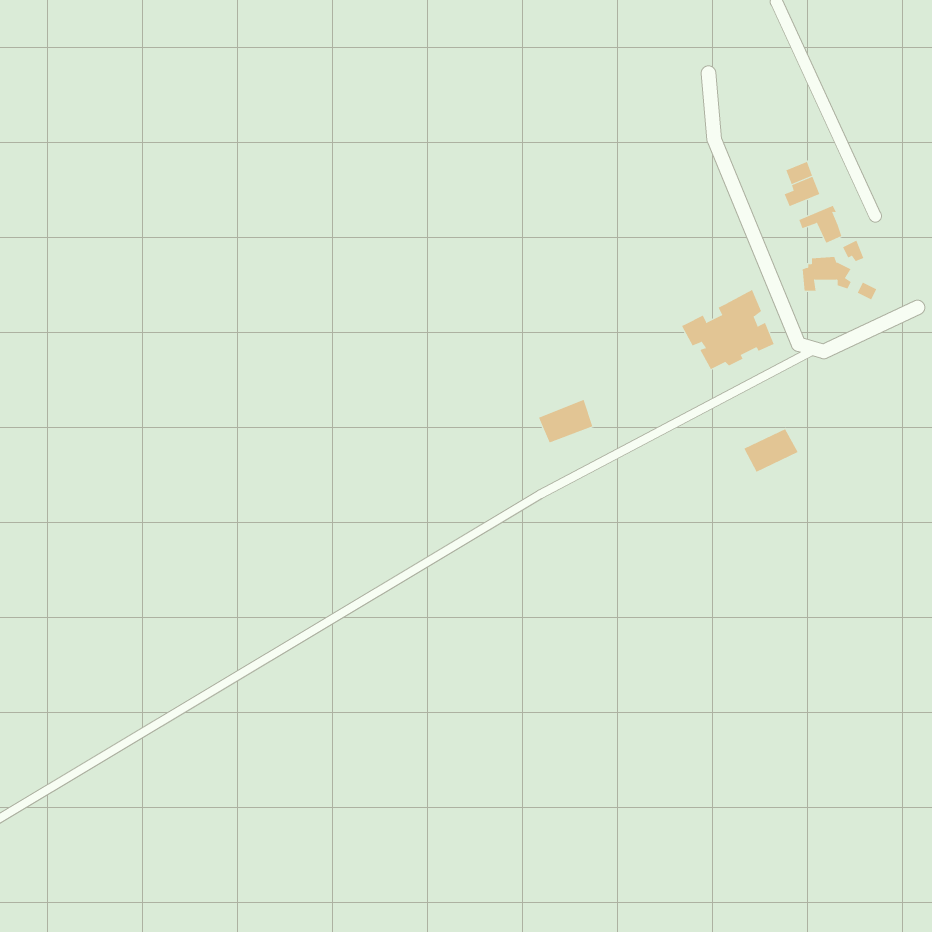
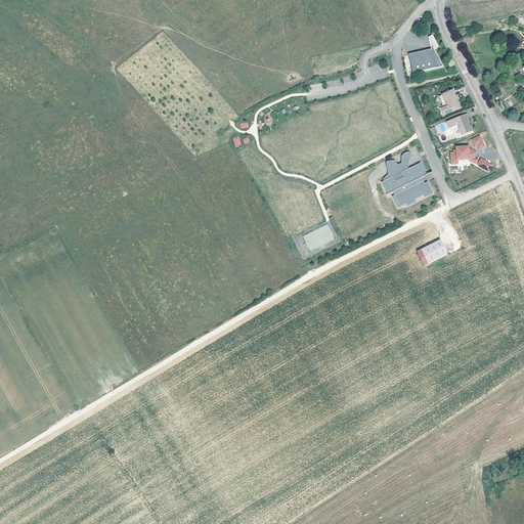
building: none -> [407,46,442,72]
building: none -> [383,151,411,181]

